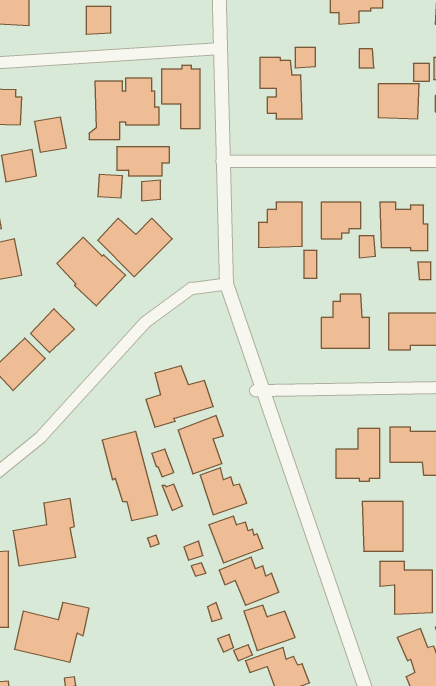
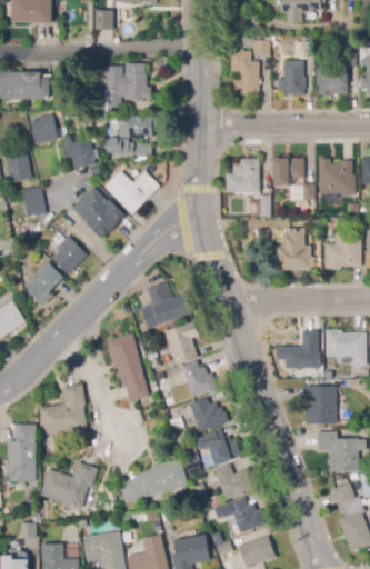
building: [162,65,200,129] -> none
building: none -> [277,60,303,94]
building: [34,117,66,152] -> [69,140,93,167]
building: none -> [119,458,187,501]

